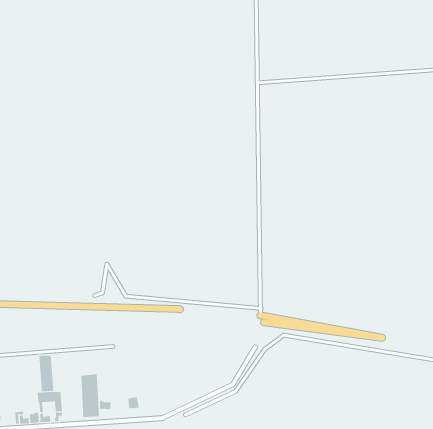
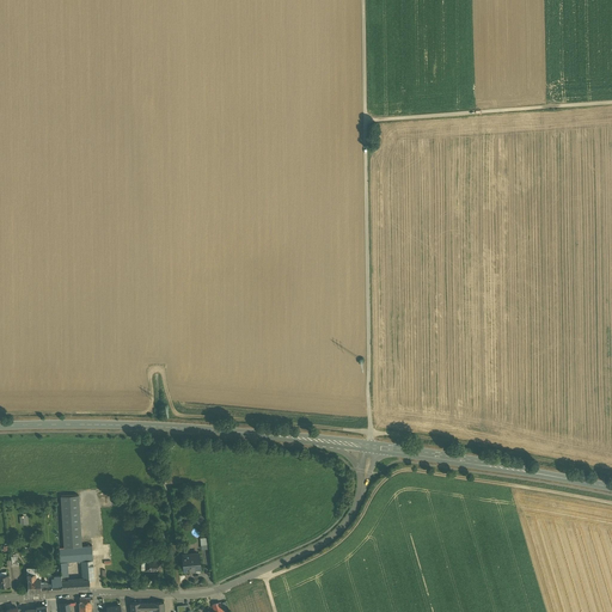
building: [81,373,99,418] -> none

